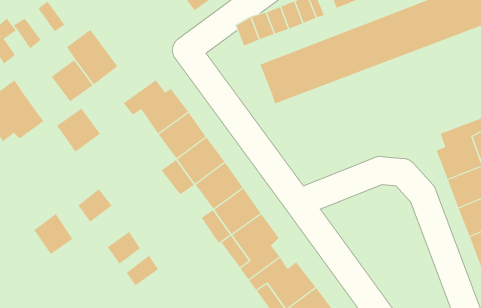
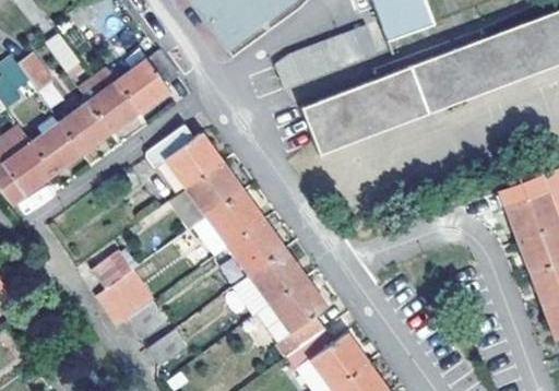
building: none -> [118,49,178,109]
building: [56,108,101,152] -> [33,121,84,173]
building: [33,213,73,255] -> [107,270,153,318]

